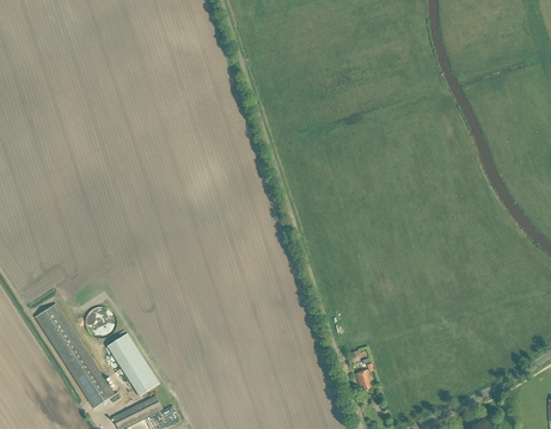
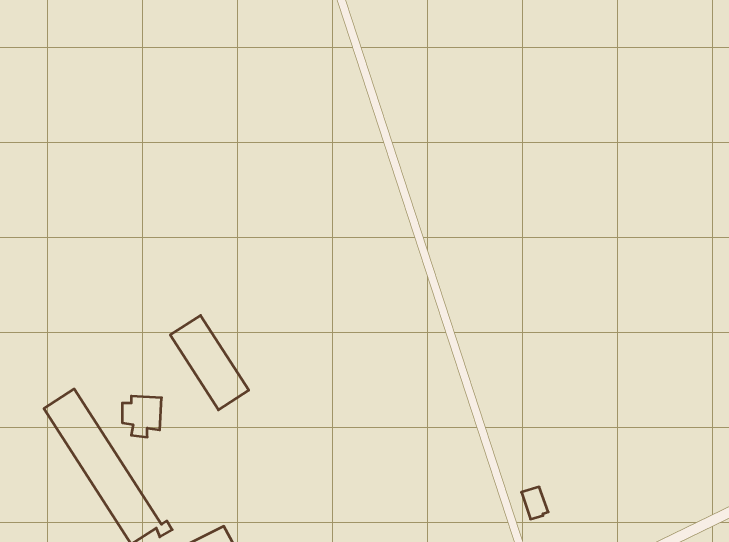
building: [108,332,160,396] -> [170,315,249,410]

